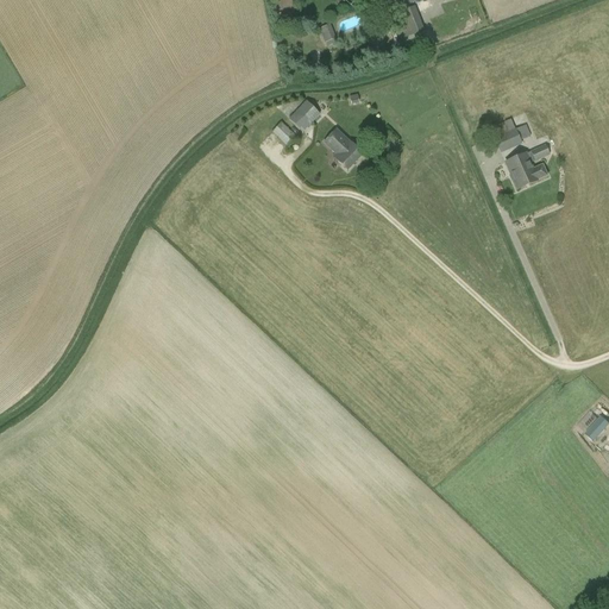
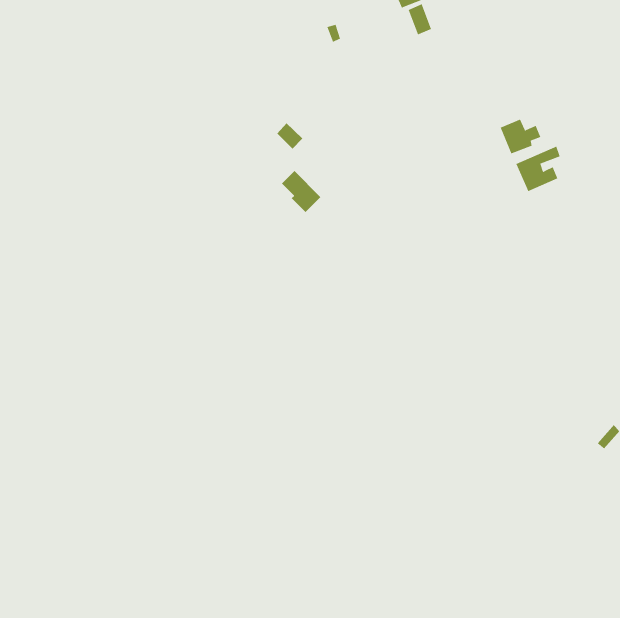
building: [288,99,320,131] -> none
building: [324,127,363,169] -> [281,170,321,213]

